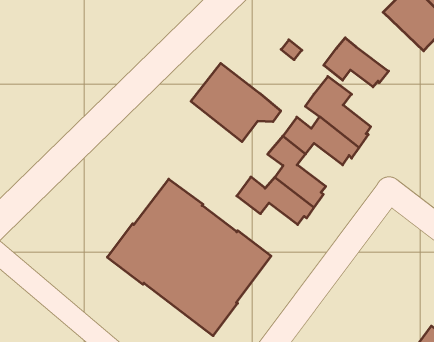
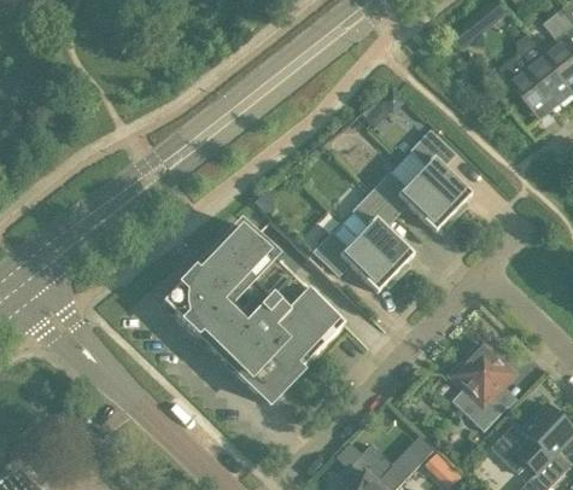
building: [324,38,389,87] -> none
building: [191,63,281,142] -> none
building: none -> [451,342,515,431]

